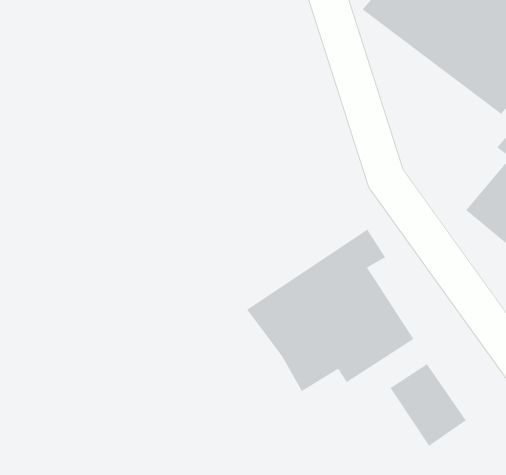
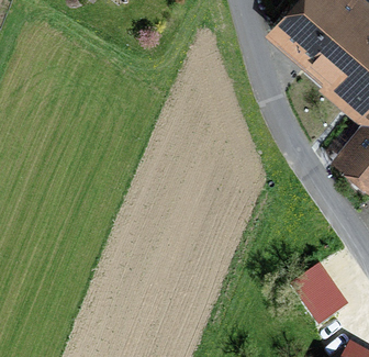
building: [246,229,415,392] -> none

